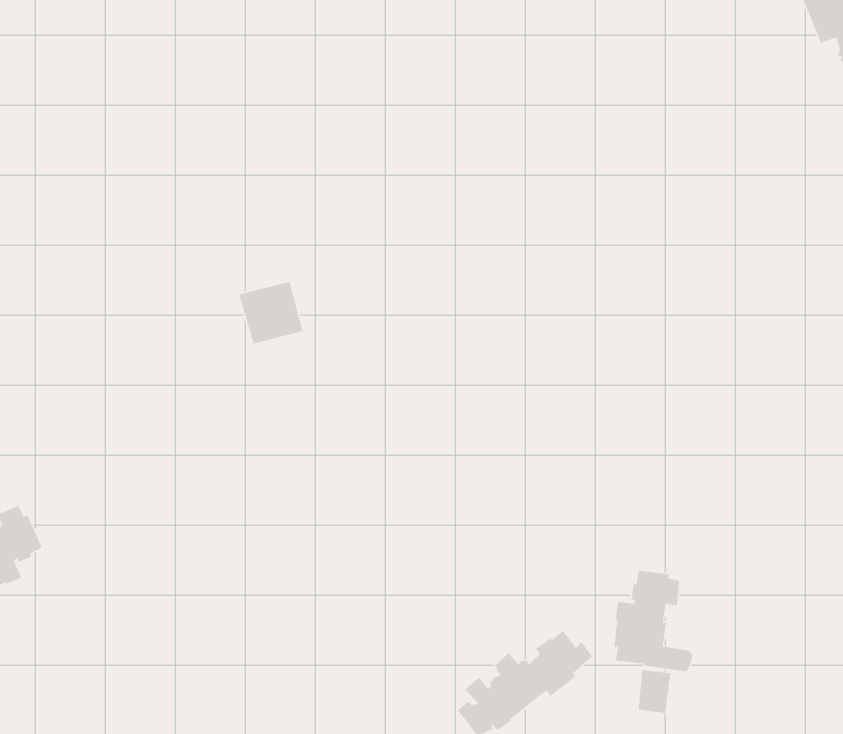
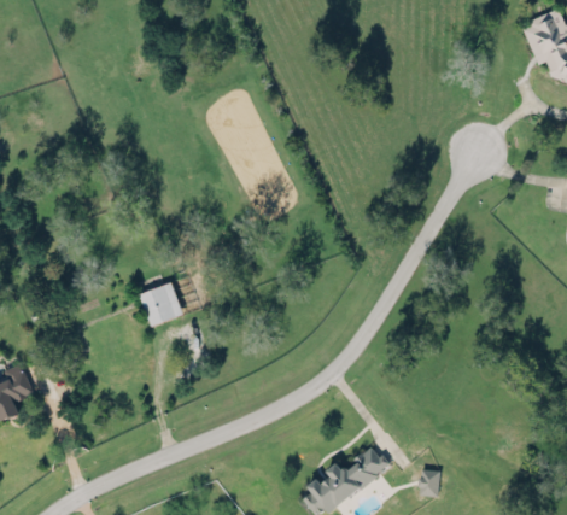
building: [238,281,303,345] -> [141,285,183,326]
building: [614,570,693,672] -> none

